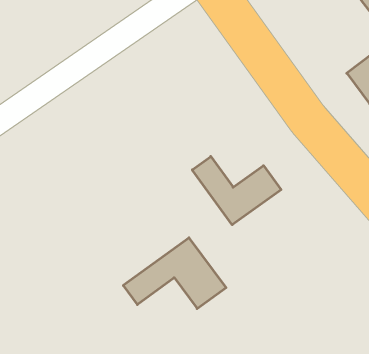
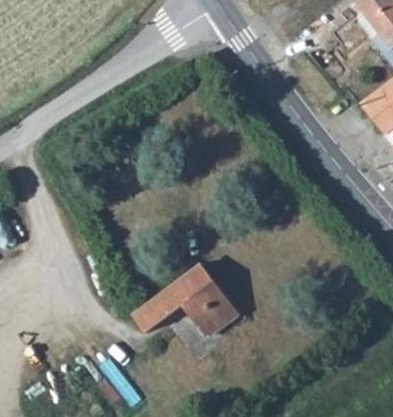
building: [192,156,281,225] -> none

